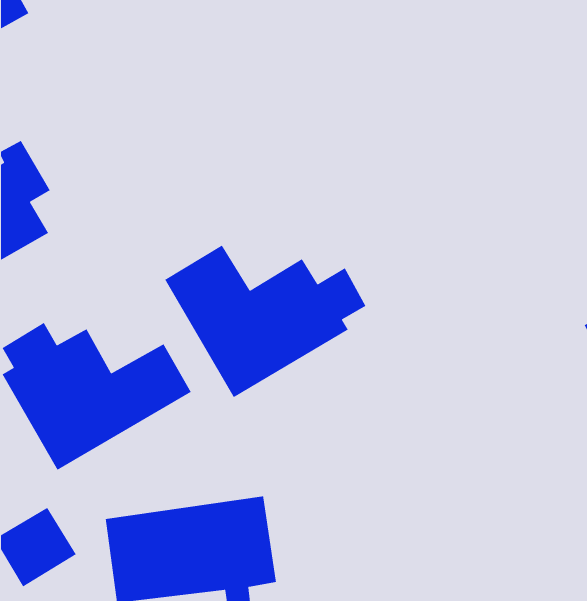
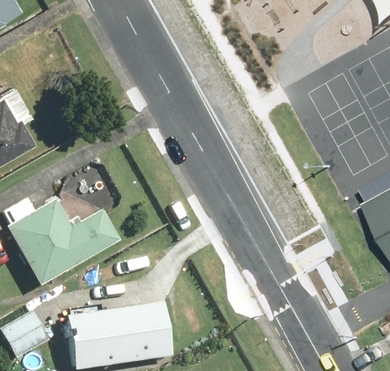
building: [164,245,366,398] -> none

